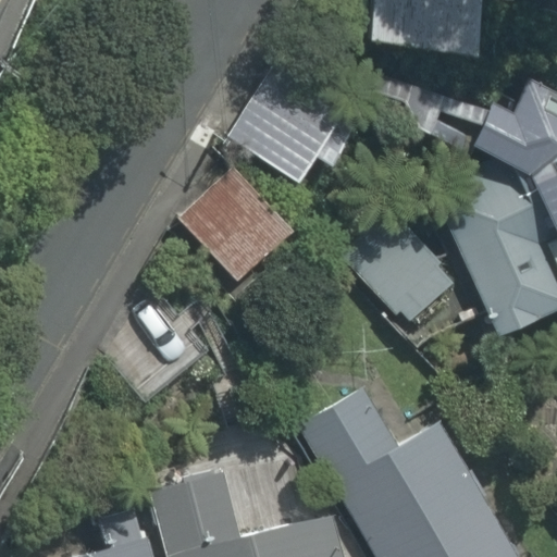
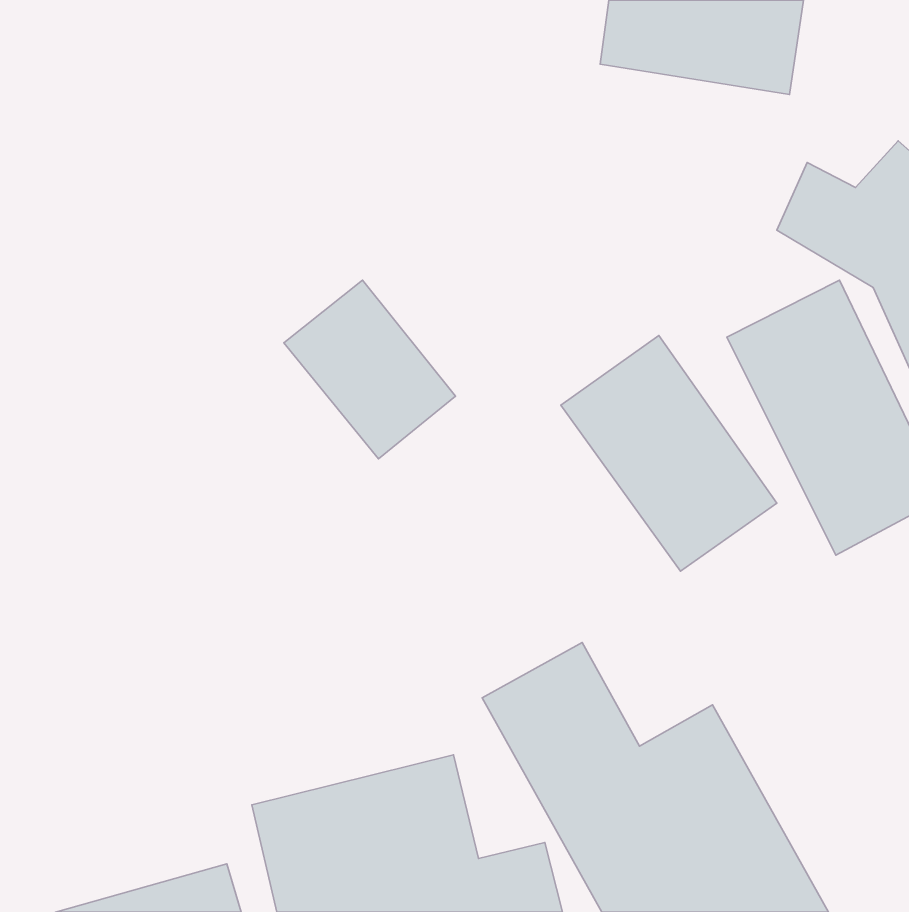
building: [227,71,357,178] -> none

